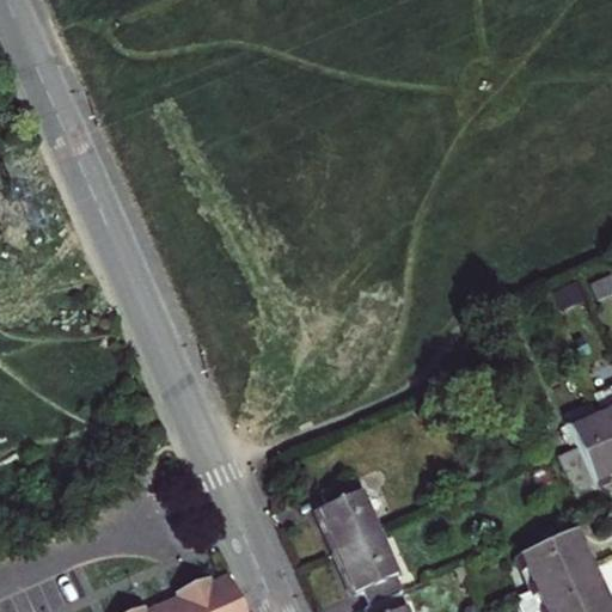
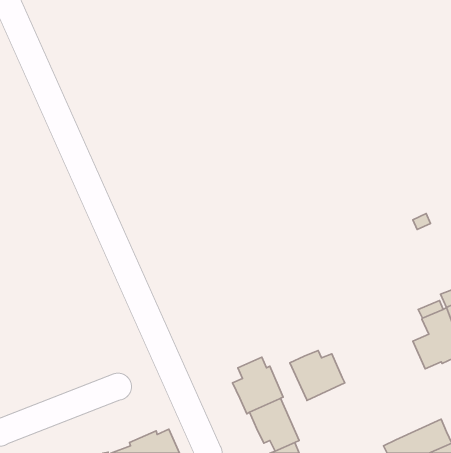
building: none -> [290,350,345,400]
building: [522,532,598,593] -> none

